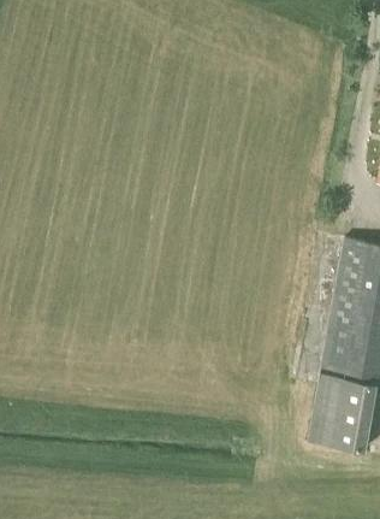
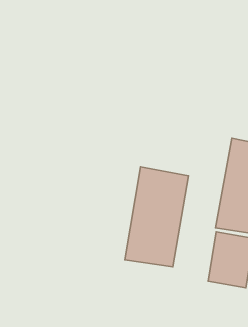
building: none -> [125,167,189,267]

